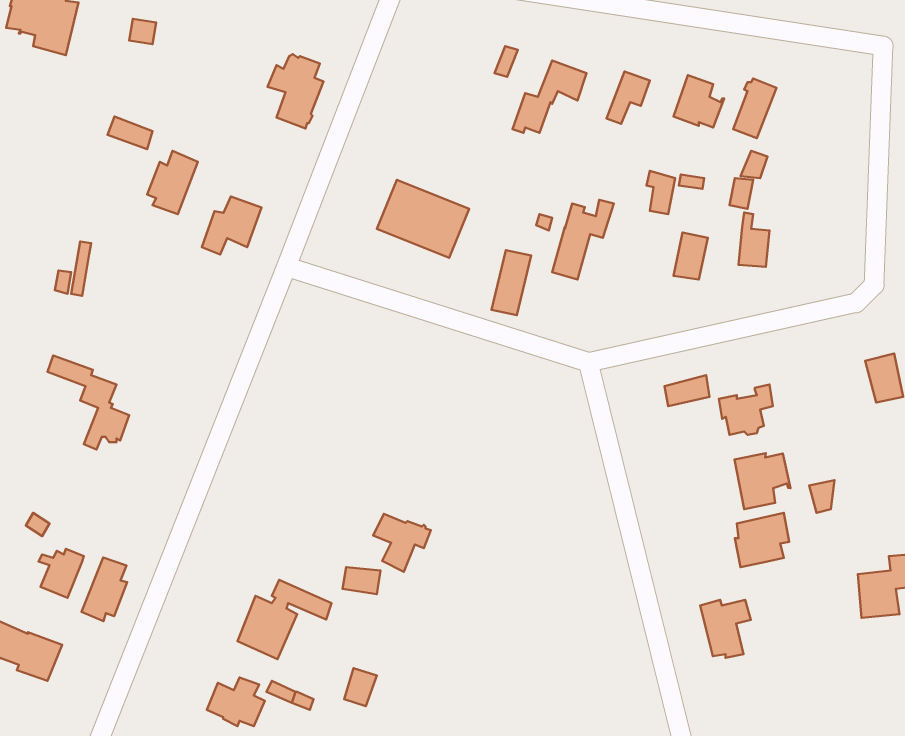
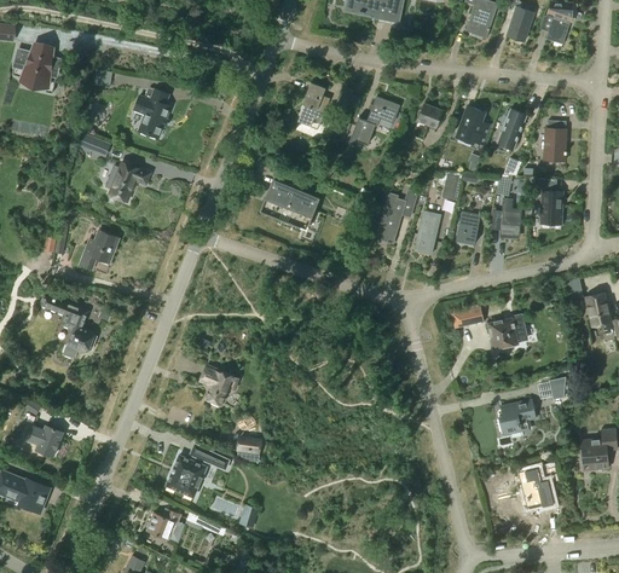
building: none -> [297,91,330,125]
building: [267,54,323,128] -> [133,88,170,138]
building: none -> [543,120,566,161]
building: [202,197,262,254] -> [79,230,118,268]
building: none -> [539,191,562,224]
building: [491,250,531,315] -> [413,210,440,254]
building: [735,453,790,509] -> none
building: [373,514,431,572] -> [198,366,237,405]
building: [82,557,127,621] -> none
building: [700,600,751,658] -> [523,467,557,505]

